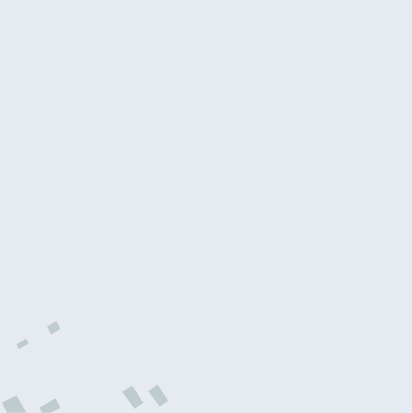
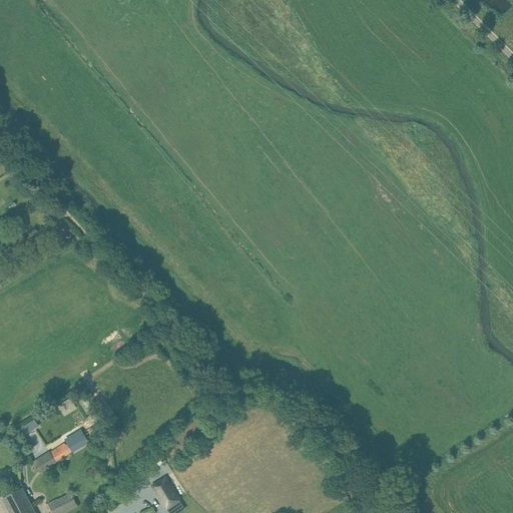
building: none -> [49,430,89,463]
building: [148,384,169,408] -> none

